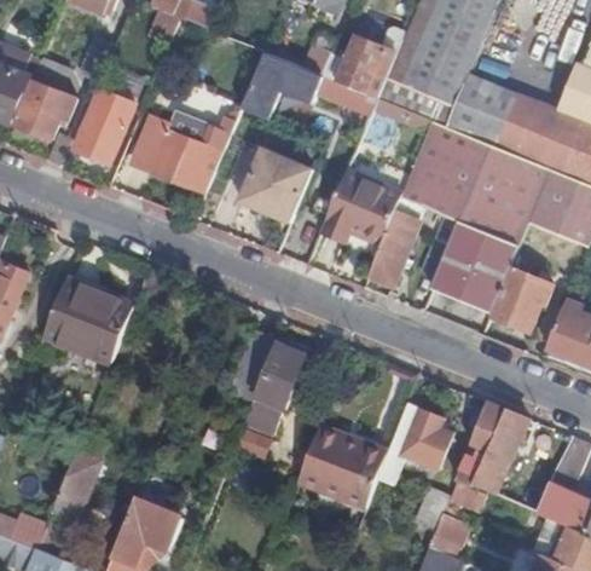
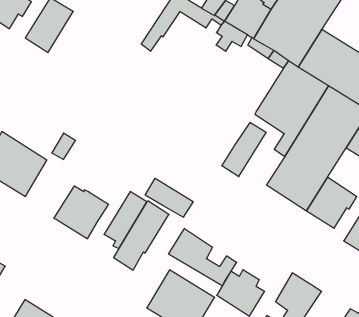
building: [134,111,226,191] -> none
building: [221,137,314,223] -> none
building: [323,171,400,243] -> none
building: none -> [145,178,193,217]
building: none -> [54,186,109,239]
building: none -> [169,228,237,286]

